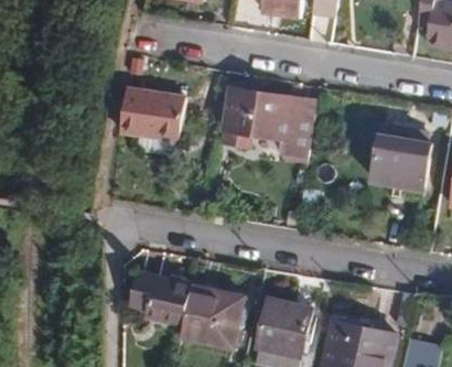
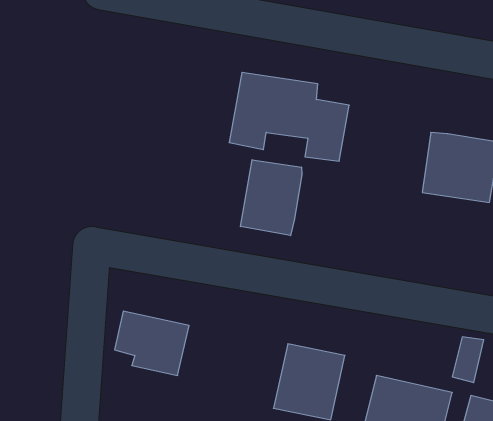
building: [119,88,185,137] -> none
building: none -> [240,160,302,236]
building: [180,283,244,348] -> none

